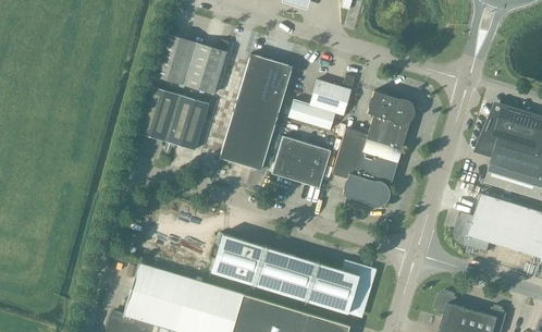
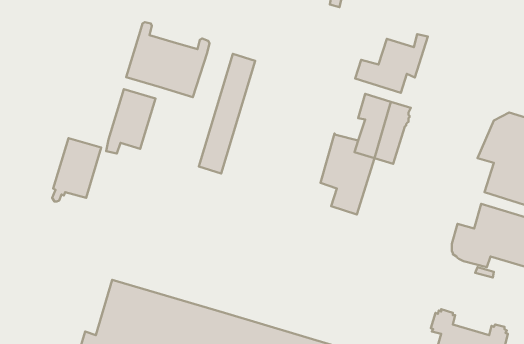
building: [239,61,292,172] -> none
building: [287,76,355,131] -> [355,34,428,93]
building: [163,96,209,155] -> [52,138,101,202]
building: [271,137,331,189] -> none
building: [366,151,399,209] -> none
building: [211,235,375,317] -> none

